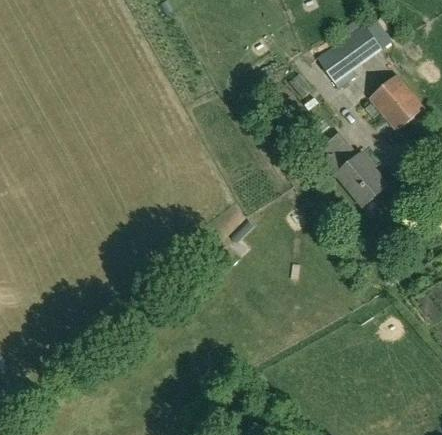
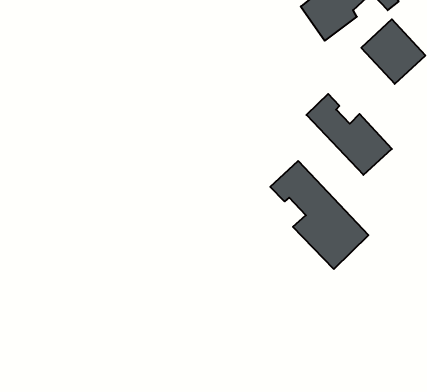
building: none -> [270,161,368,269]

